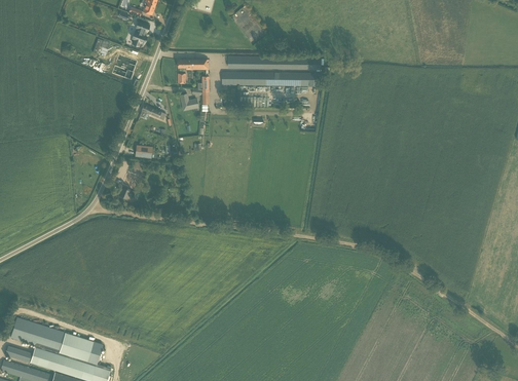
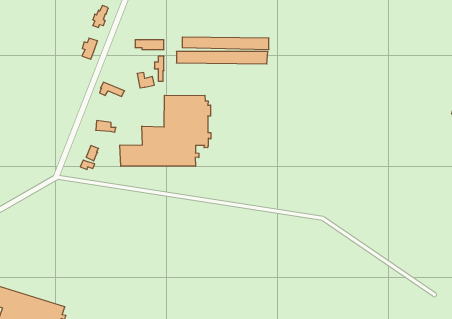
building: none -> [120,95,211,166]

